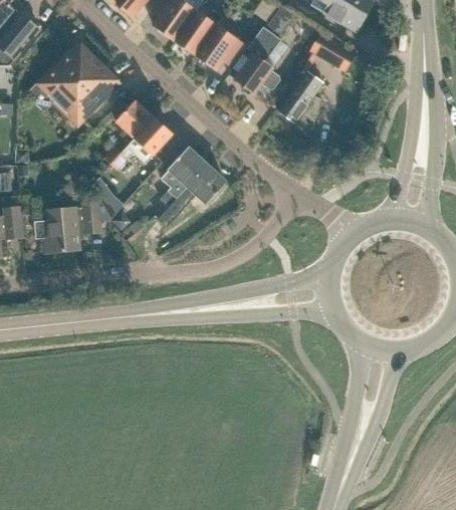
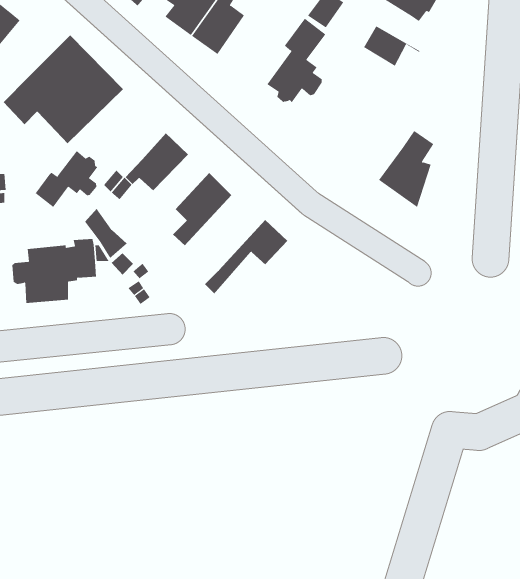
building: [195,19,248,70] -> none
building: [278,70,322,132] -> [378,130,434,208]
building: [117,99,154,138] -> none
building: none -> [35,150,98,208]
building: [158,166,224,225] -> [204,219,288,294]

